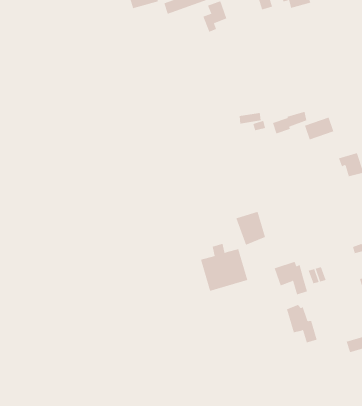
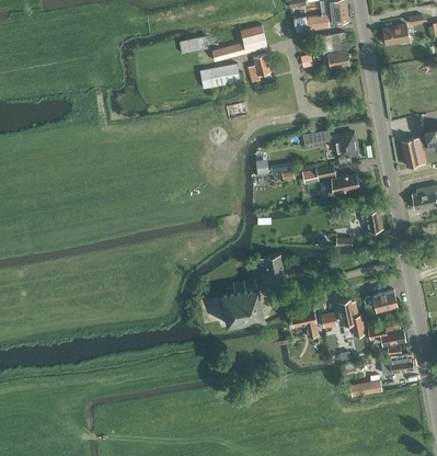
building: none -> [202,64,240,88]
building: none -> [303,130,357,158]
building: [286,304,317,343] -> [338,298,365,335]

